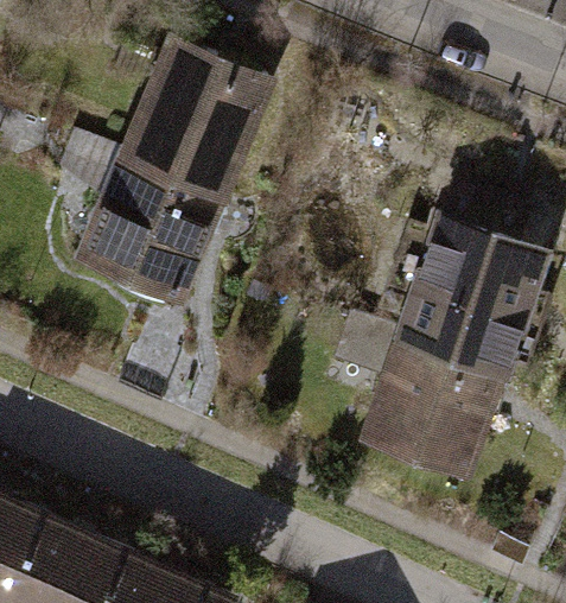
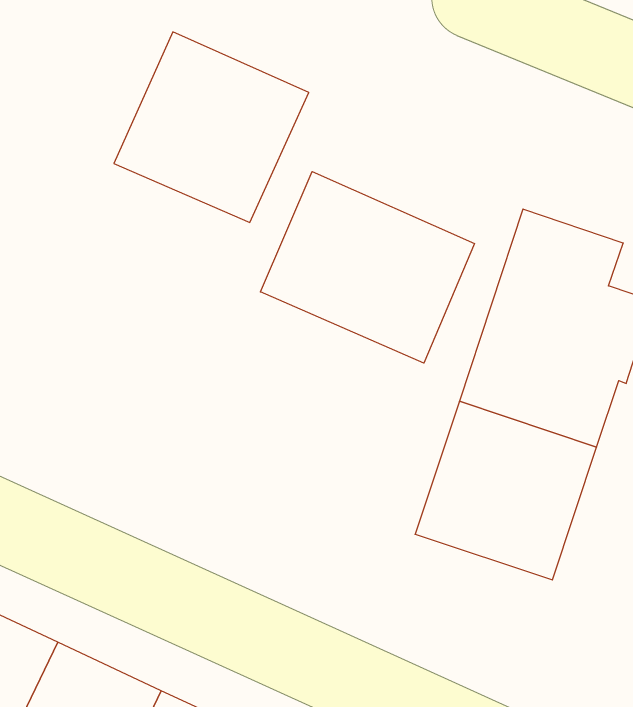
building: [72,145,228,299] -> none
building: none -> [260,172,474,363]

